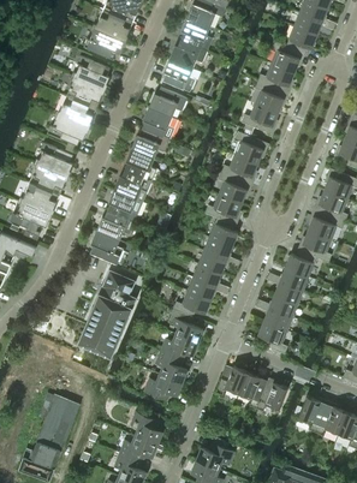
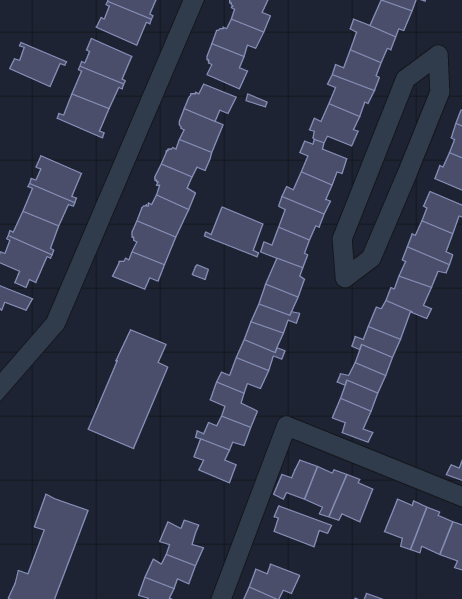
building: [47,114,89,147] -> [10,42,67,86]
building: none -> [205,207,263,257]
building: [93,231,120,263] -> none
building: [145,374,183,400] -> none
building: none -> [274,506,331,547]

